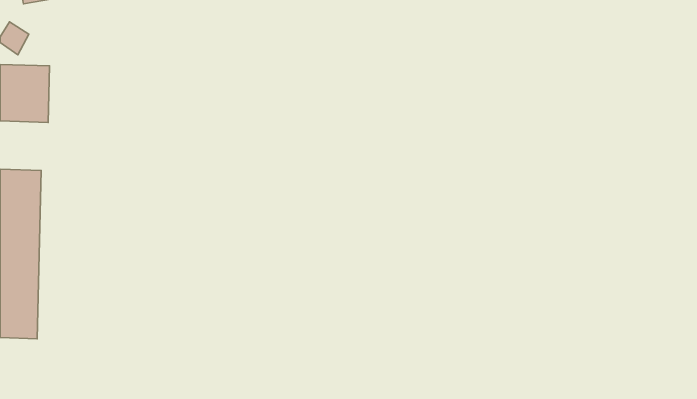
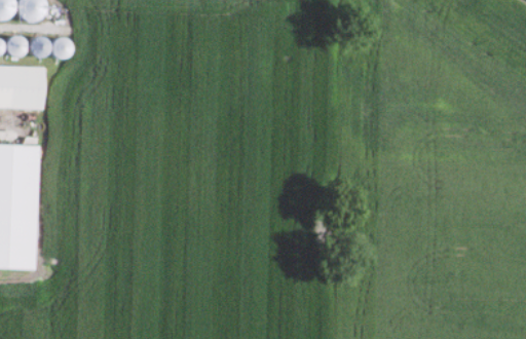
building: none -> [26,35,70,60]

